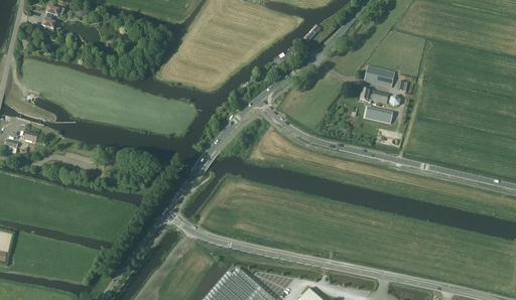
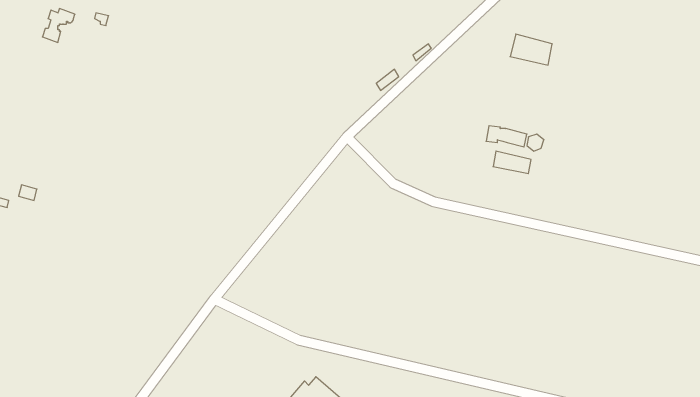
building: [362,67,392,90] -> [510,34,552,65]

